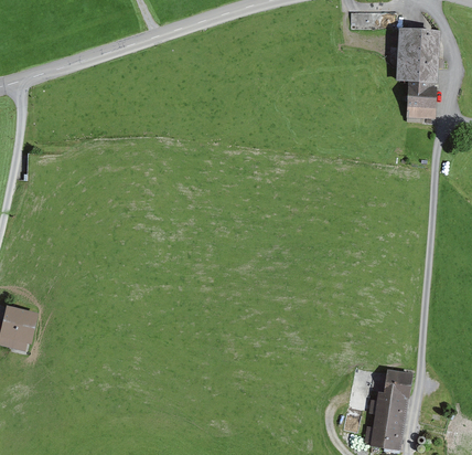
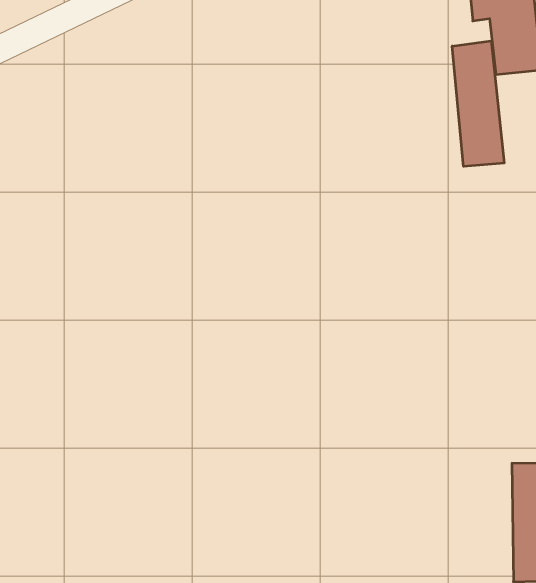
building: none -> [452,41,504,166]

